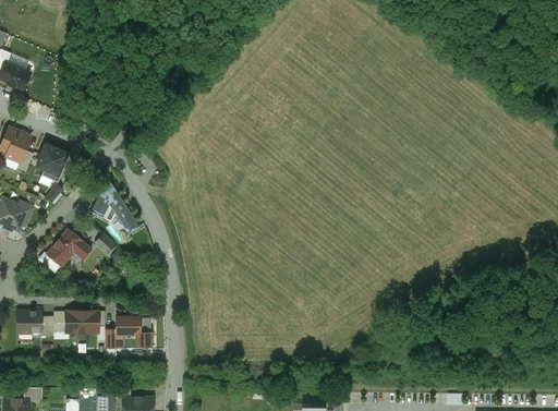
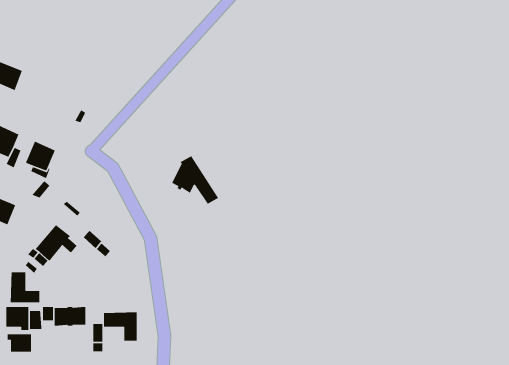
building: [90,183,140,233] -> [171,155,219,205]
building: none -> [10,271,40,303]
building: none -> [7,334,32,353]

